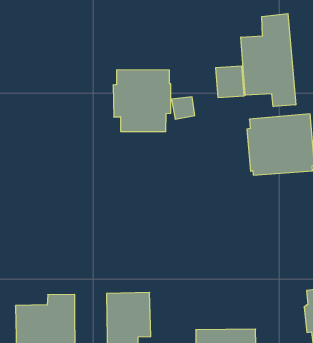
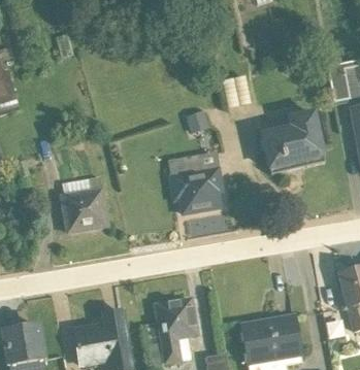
building: [241,14,296,107] -> none
building: [113,70,171,132] -> [167,153,224,215]
building: none -> [62,176,107,232]

